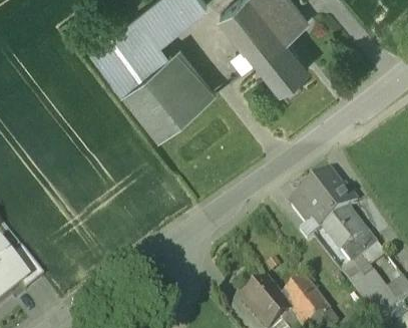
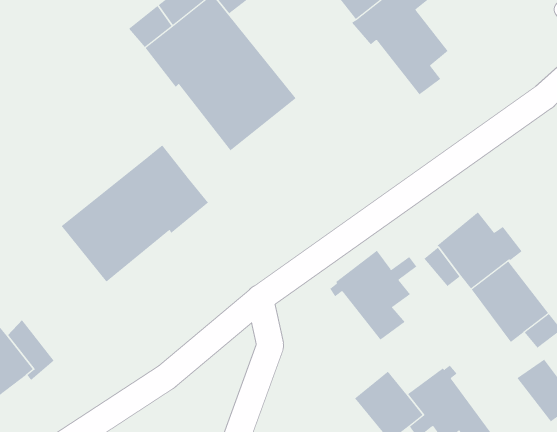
building: none -> [61,145,209,283]
building: none -> [329,250,417,341]
building: [341,254,373,285] -> none

